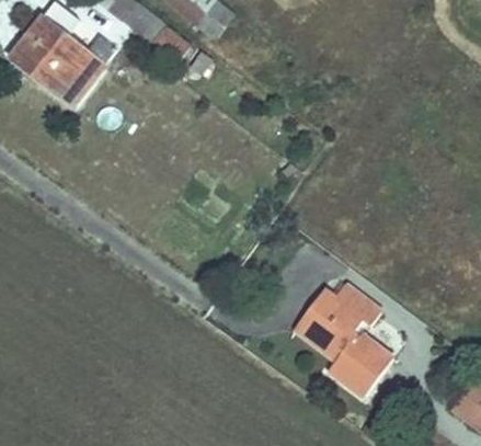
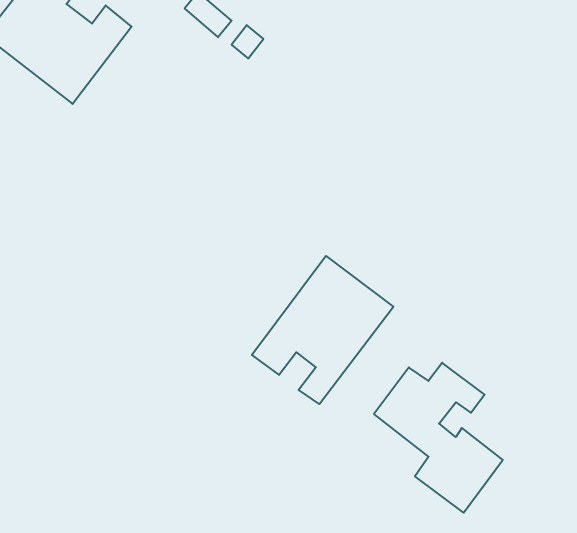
building: none -> [252,256,393,404]

